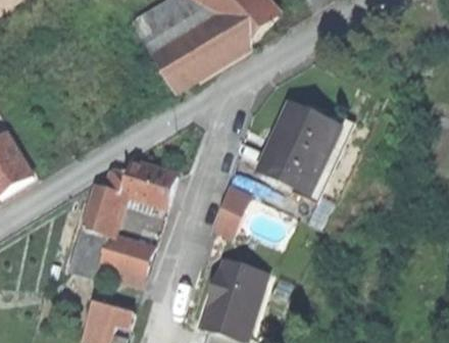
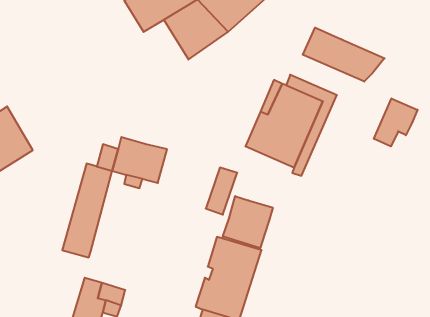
building: [151,42,196,94] -> none
building: none -> [303,28,385,82]
building: none -> [374,98,418,146]
building: none -> [223,196,273,248]
building: [98,236,152,286] -> none

